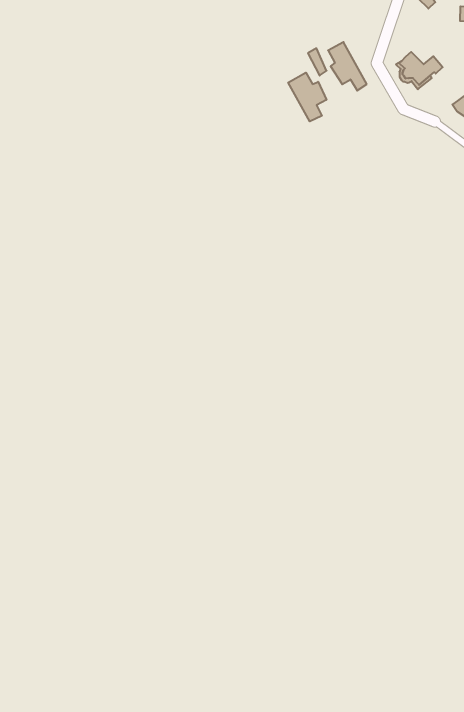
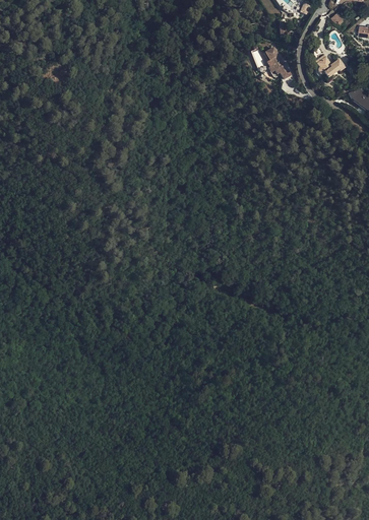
building: [288,73,326,121] -> none

